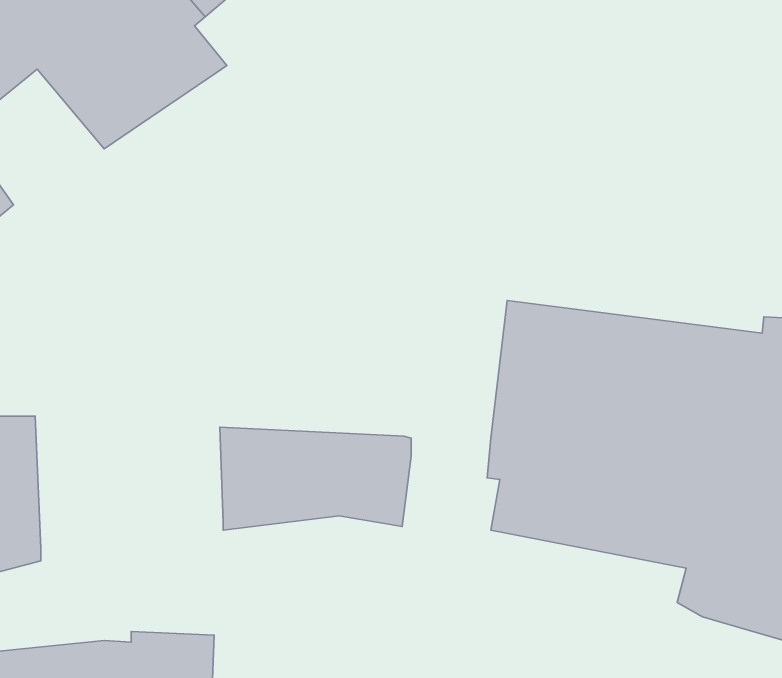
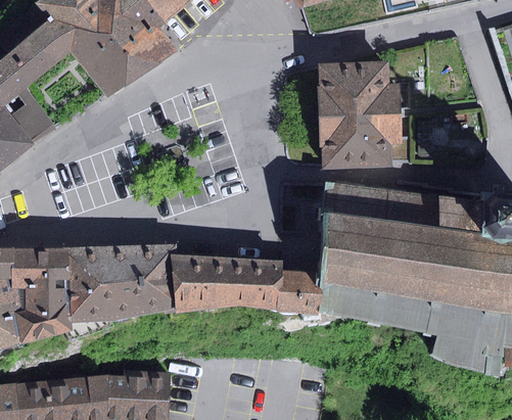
building: none -> [317,60,402,169]
building: none -> [68,244,175,323]
building: none -> [276,271,320,314]

